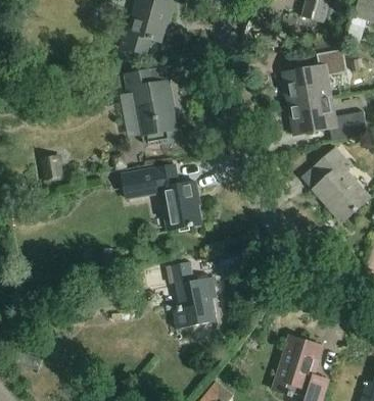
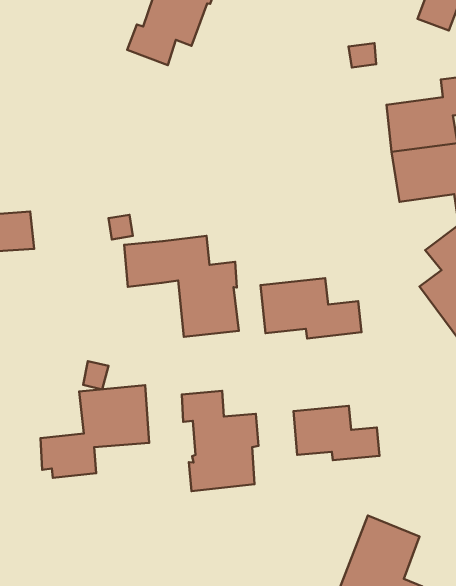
building: [126,69,177,147] -> none
building: none -> [261,278,361,338]
building: none -> [40,385,149,478]
building: none -> [293,406,380,460]

